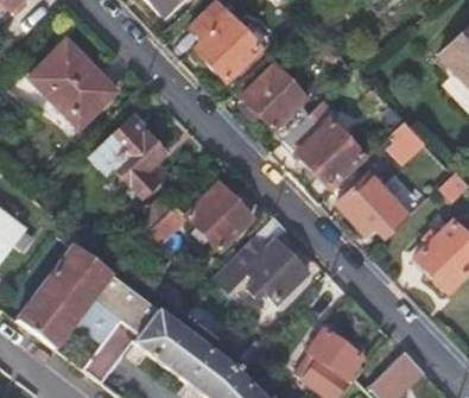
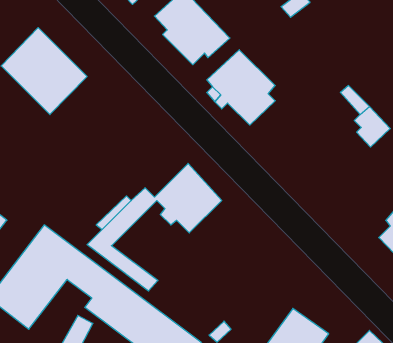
building: [283,115,363,189] -> none
building: [87,119,167,191] -> none
building: [337,173,411,238] -> none
building: [211,215,312,305] -> none

